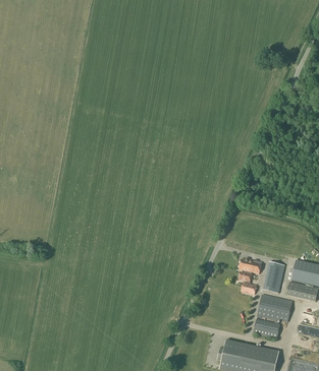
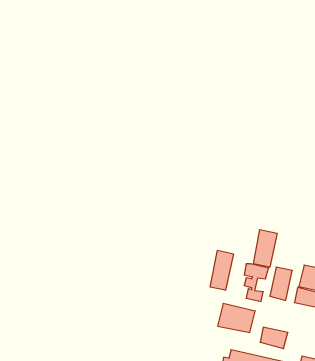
building: none -> [254,230,277,267]
building: none -> [210,250,234,290]
building: [258,293,294,320] -> [218,304,255,333]

